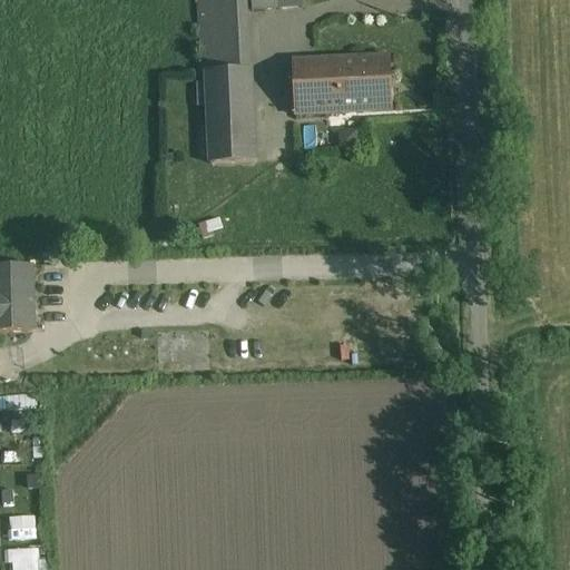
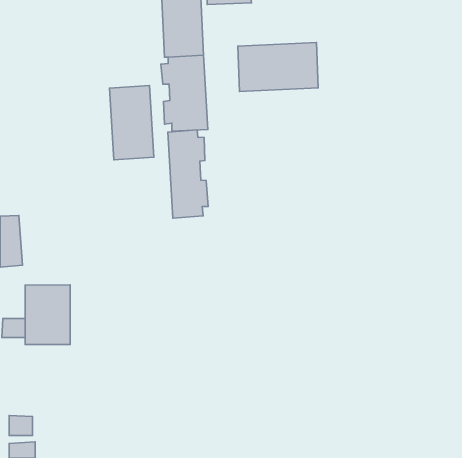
building: none -> [110,85,154,160]
building: none -> [168,130,208,218]
building: none -> [25,285,70,345]

